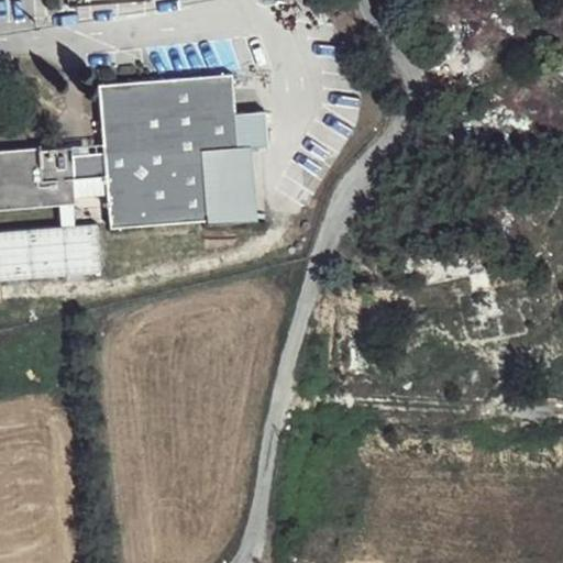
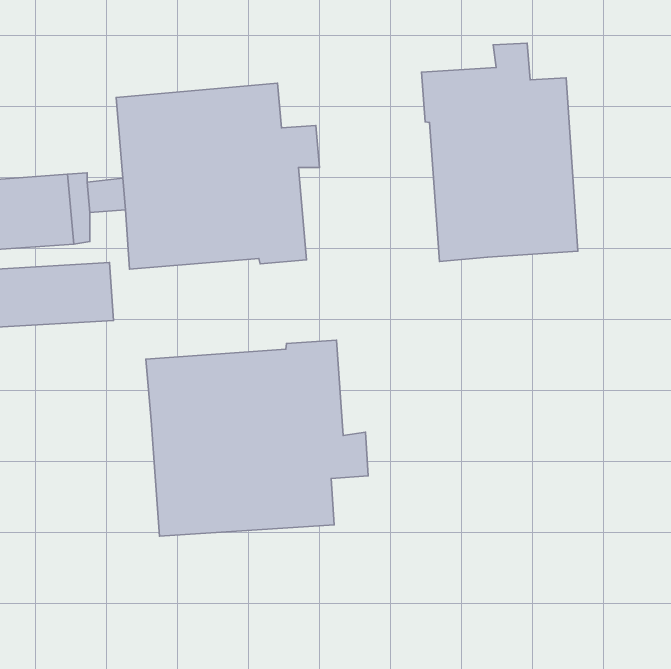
building: none -> [422,43,578,262]
building: none -> [146,340,368,536]

